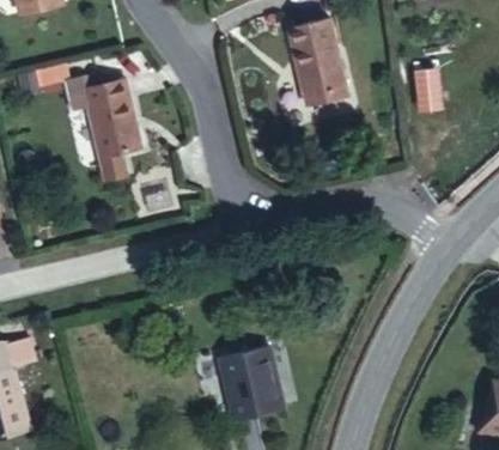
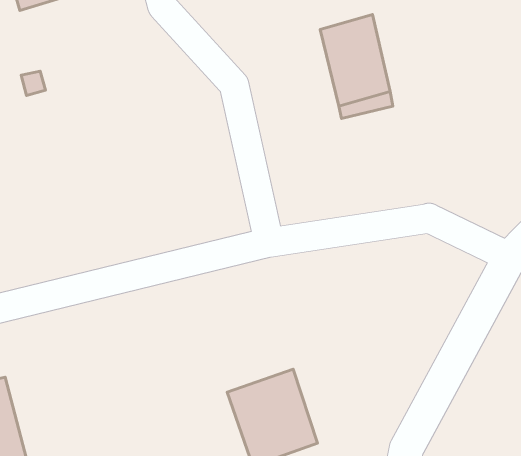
building: [412,63,443,109] -> none
building: [67,74,147,178] -> none

